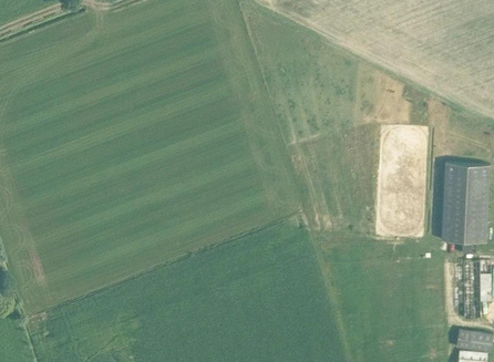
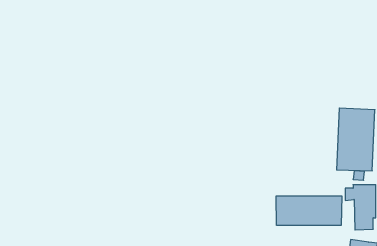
building: none -> [276,196,342,225]

